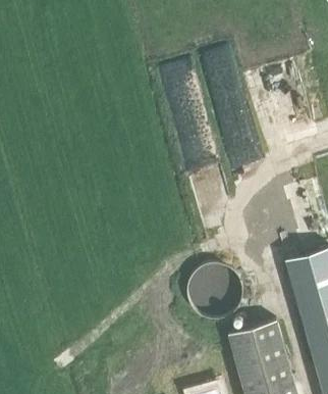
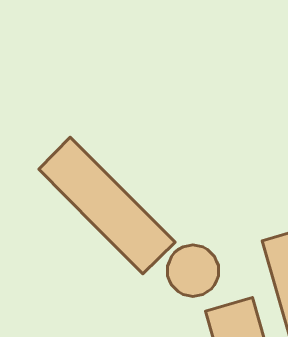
building: none -> [39,137,175,274]

